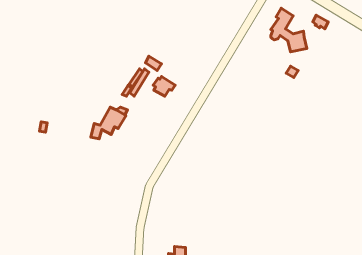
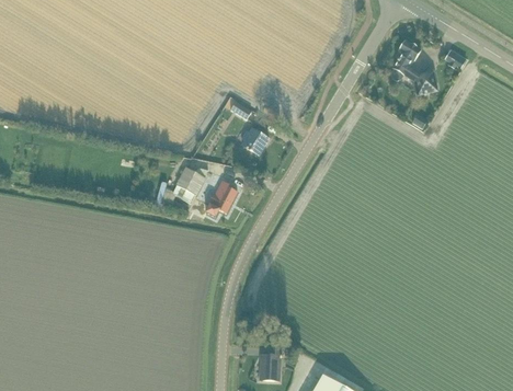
building: none -> [207,182,239,219]

